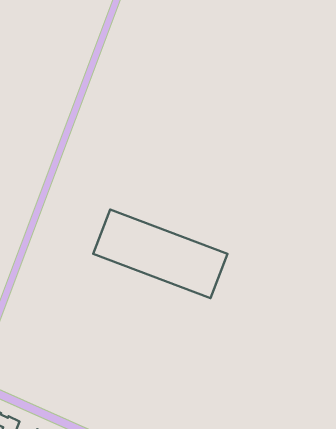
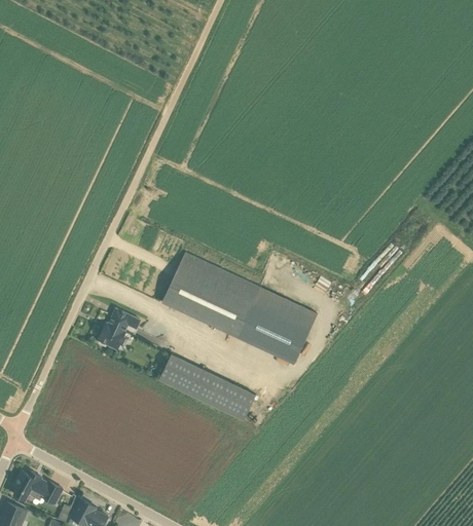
building: none -> [97,307,140,349]
building: none -> [158,353,255,420]

